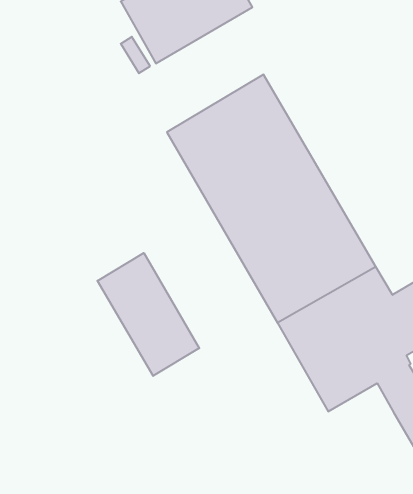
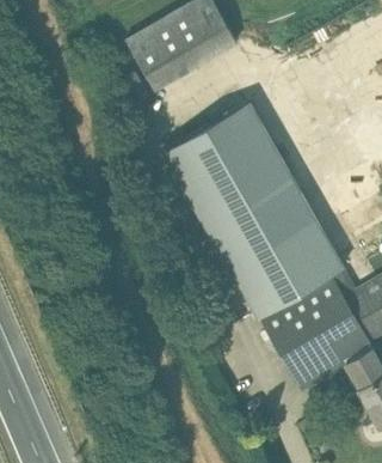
building: [97,253,199,376] -> none

